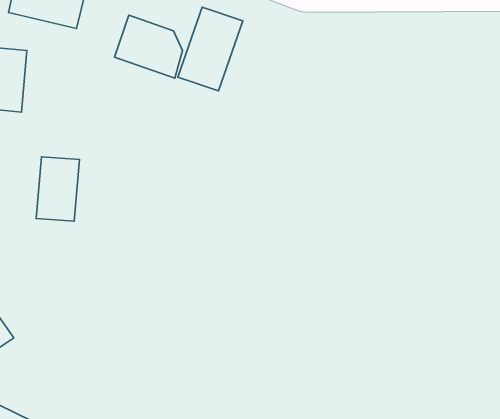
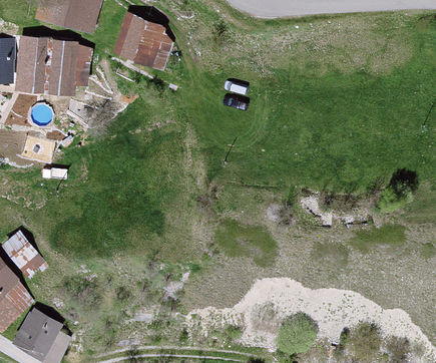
building: [178,7,243,91] -> none
building: [36,157,79,221] -> [48,43,81,92]

